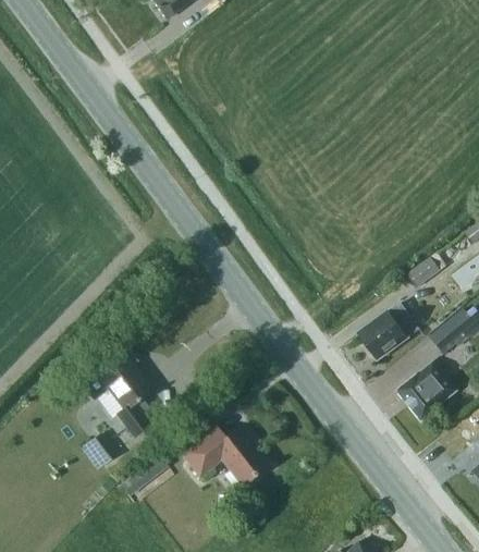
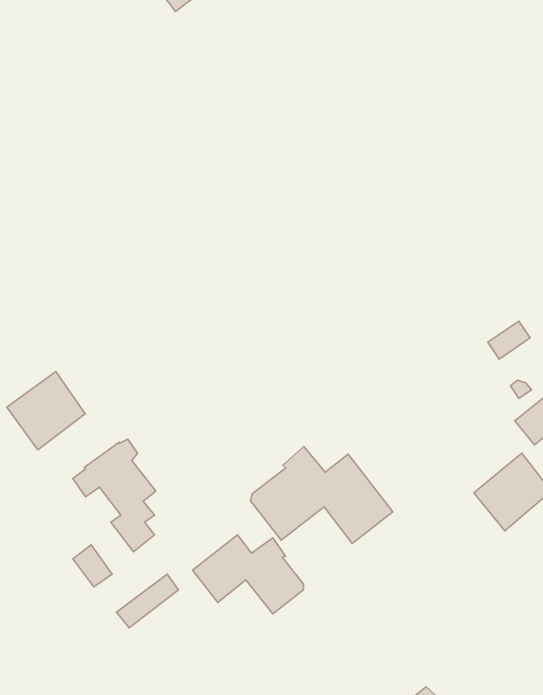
building: none -> [7,371,85,450]
building: [357,304,413,360] -> none
building: none -> [250,447,393,544]

